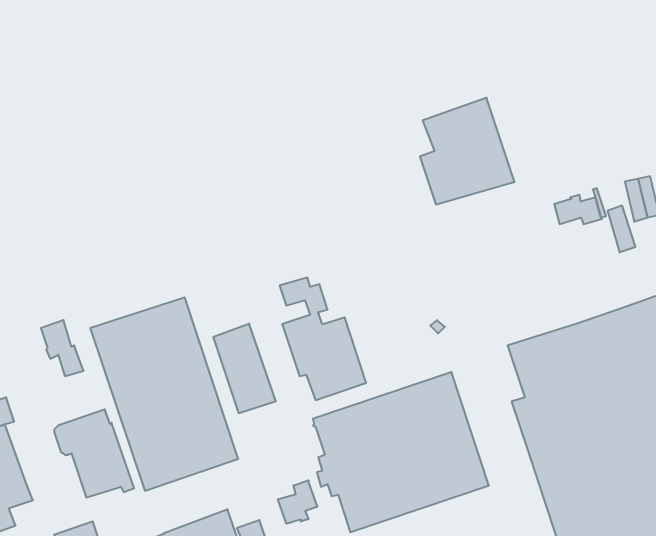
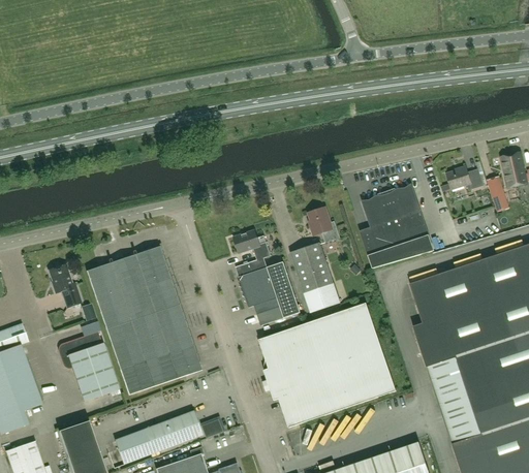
building: [420,98,515,204] -> [361,185,434,267]
building: none -> [309,207,340,242]
building: [213,324,276,413] -> [291,243,340,312]
building: [278,480,317,524] -> none

